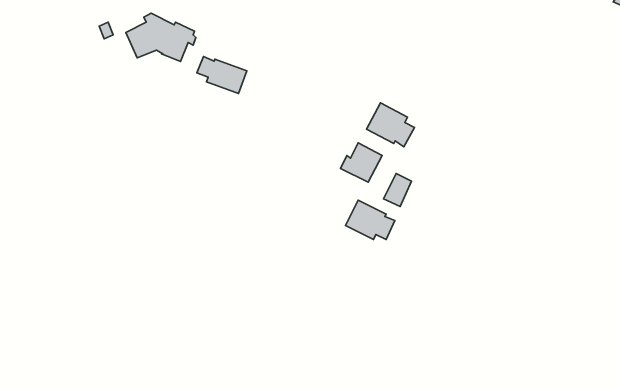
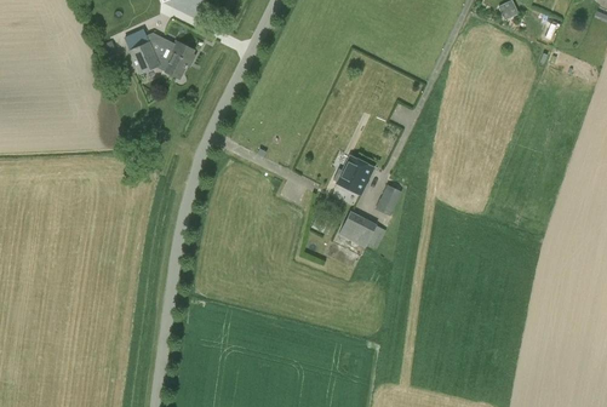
building: [197,56,247,93] -> none
building: [367,103,415,147] -> none

